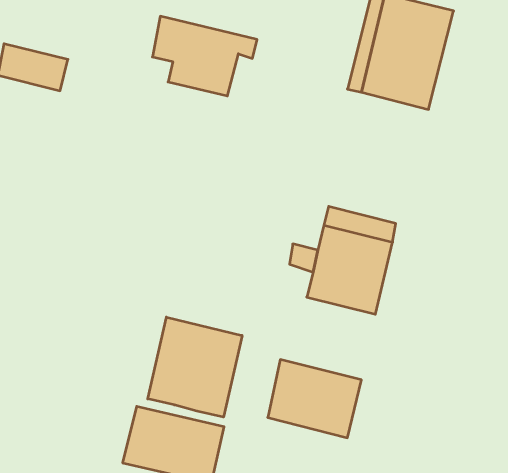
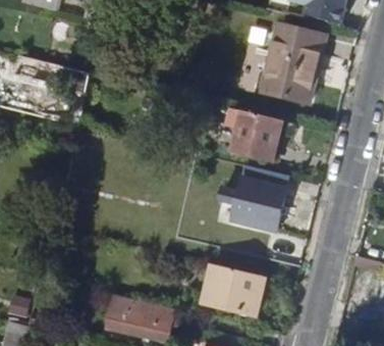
building: [152,16,257,96] -> [225,106,293,158]
building: [148,317,242,417] -> none

